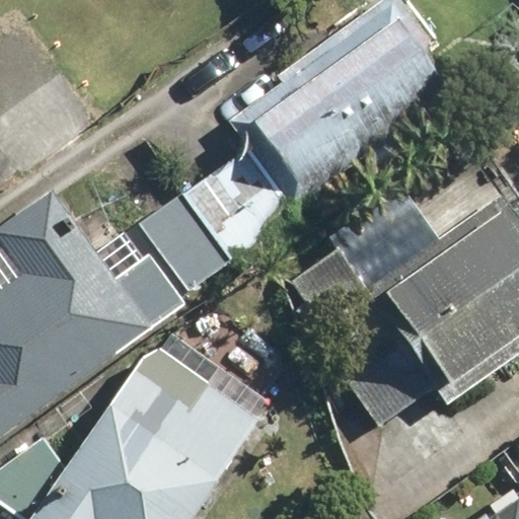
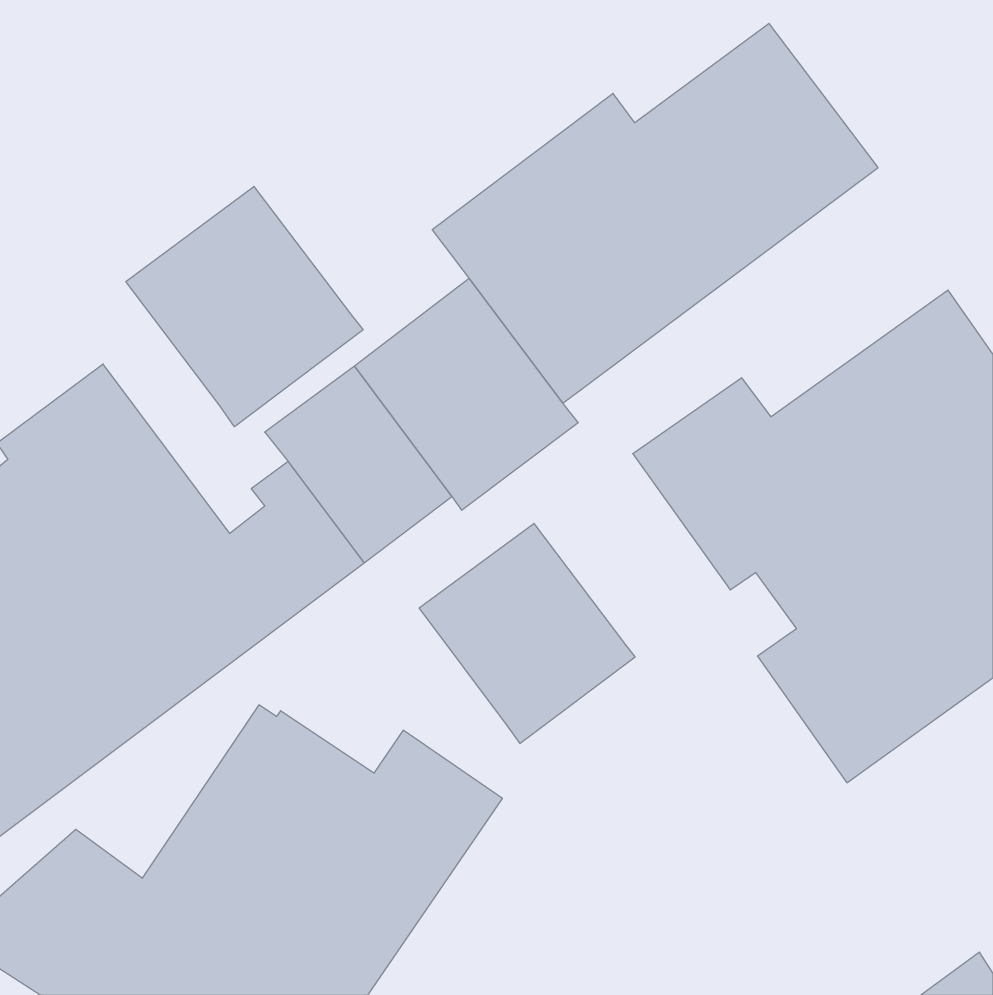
building: none -> [126,186,363,427]
building: none -> [419,523,635,744]

